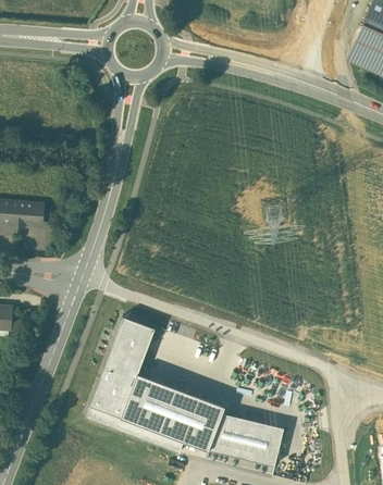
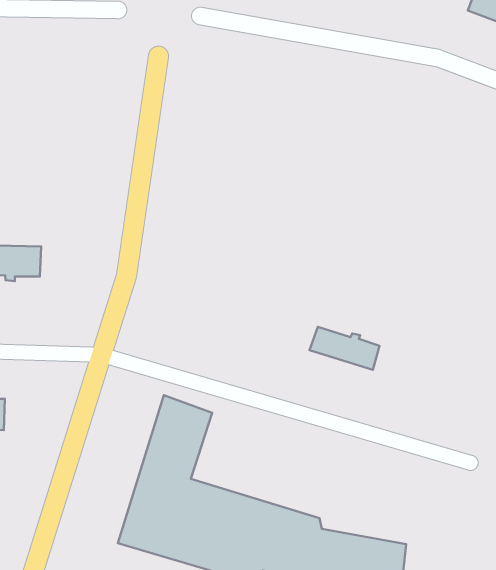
building: none -> [310,327,380,370]

